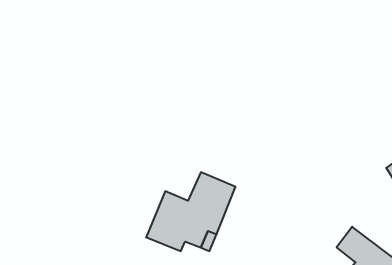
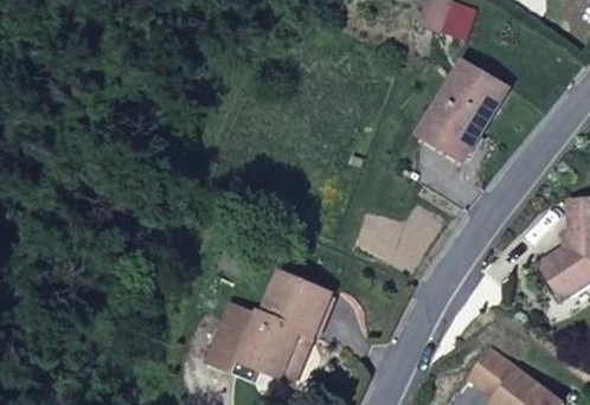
building: none -> [425,60,508,155]

